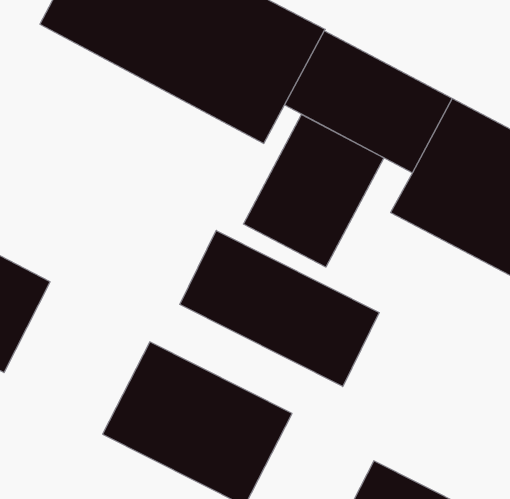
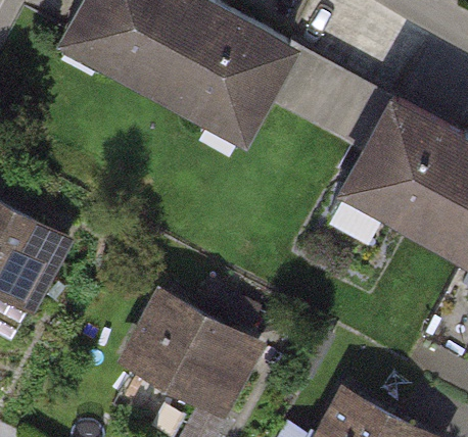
building: [243,115,384,267] -> none
building: [180,230,379,387] -> none

